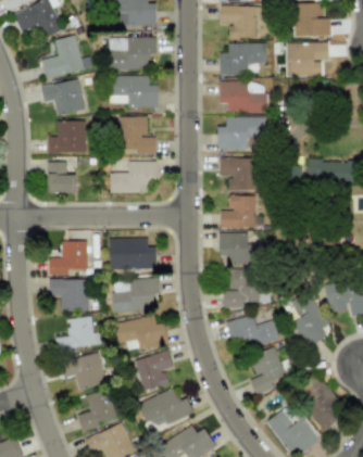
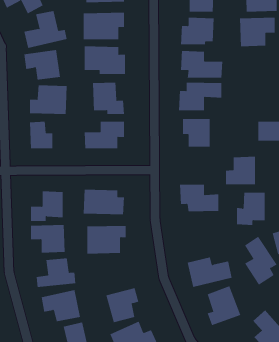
building: [221,194,255,227] -> [225,156,256,185]
building: [225,269,259,307] -> [236,192,266,226]
building: [115,315,168,348] -> none

